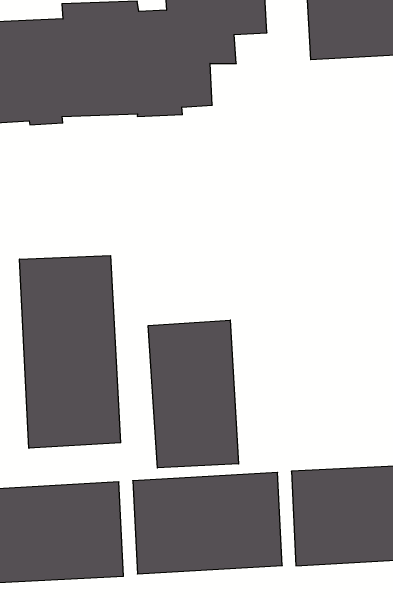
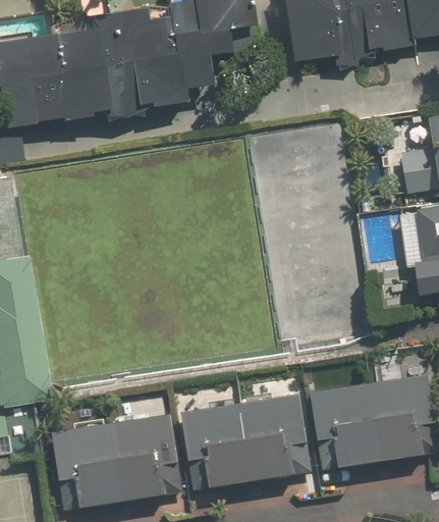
building: [20,256,121,448] -> none
building: [148,320,239,468] -> none

